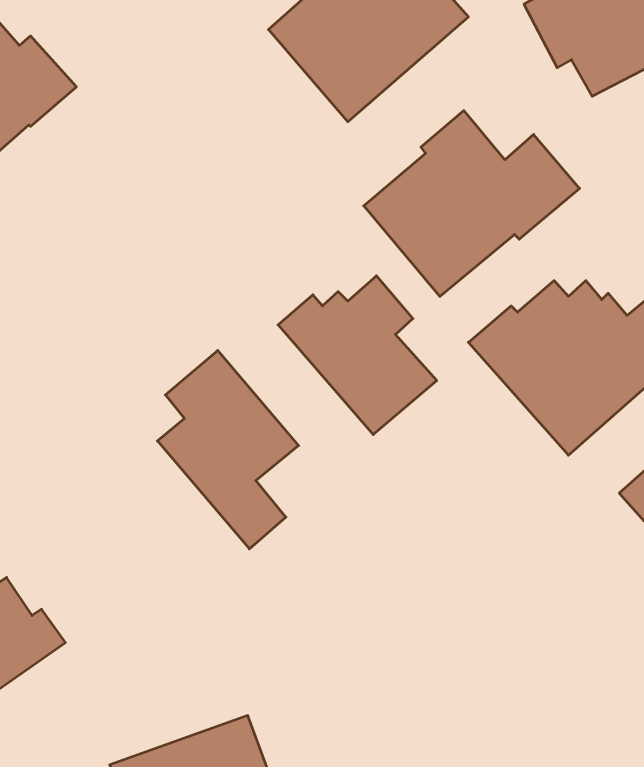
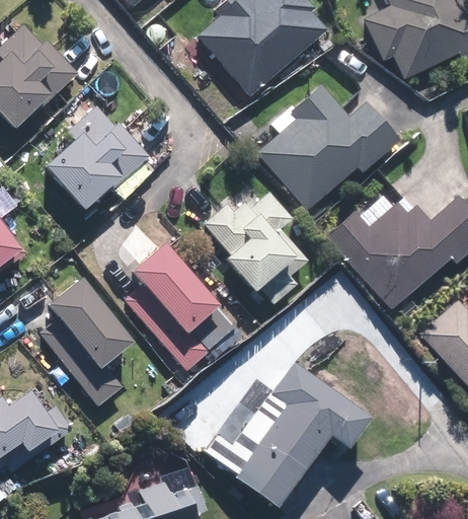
building: none -> [48,108,149,208]
building: none -> [41,275,136,407]
building: none -> [209,359,369,504]

